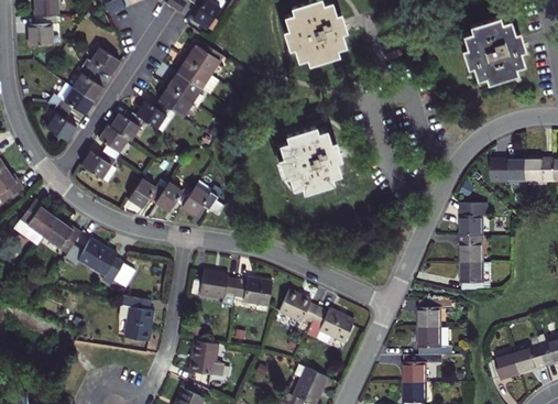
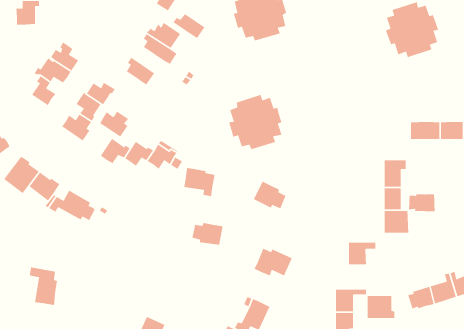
building: [84,47,120,75] -> none
building: [163,72,201,102] -> [173,13,205,39]
building: [136,100,172,132] -> [99,110,129,138]
building: none -> [408,193,435,212]
building: [200,271,238,306] -> [184,167,216,197]
building: [278,290,318,324] -> [253,181,287,210]
building: [119,294,153,340] -> [29,266,58,306]
building: [418,328,451,356] -> [367,295,395,319]
building: [189,340,223,375] -> none

